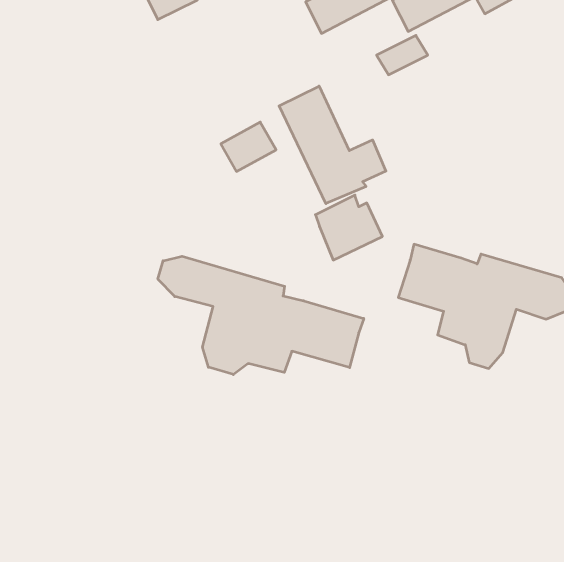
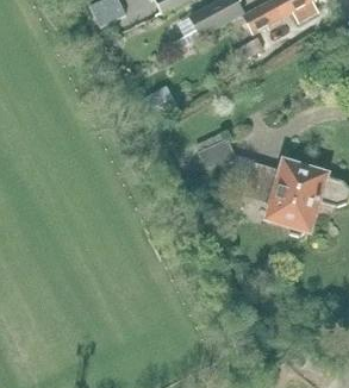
building: [279,86,386,204] -> none
building: [158,256,364,375] -> none

